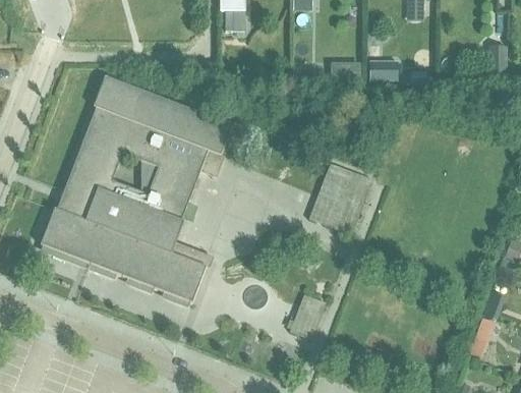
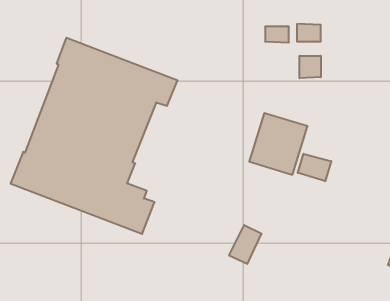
building: none -> [300,56,321,78]
building: none -> [298,154,331,181]

